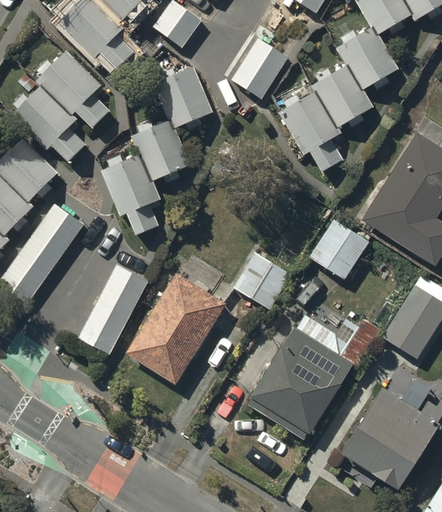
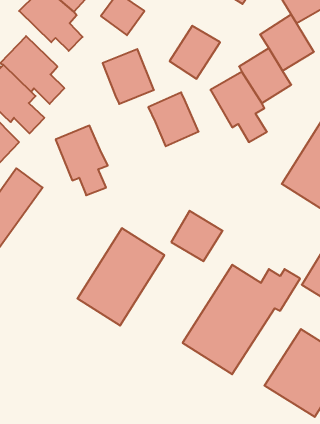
building: [131,119,189,181] -> [148,92,199,146]
building: [309,219,368,280] -> none
building: [78,264,149,354] -> none

